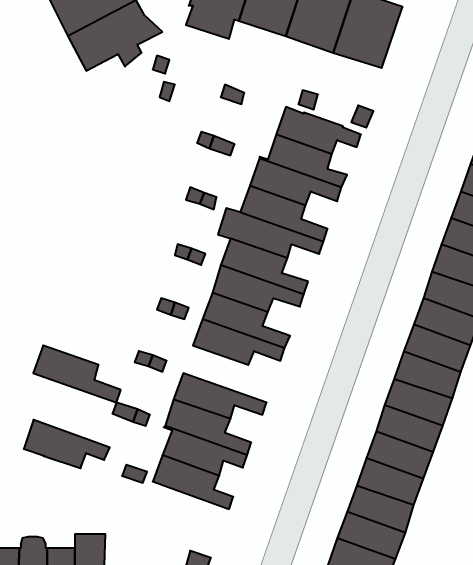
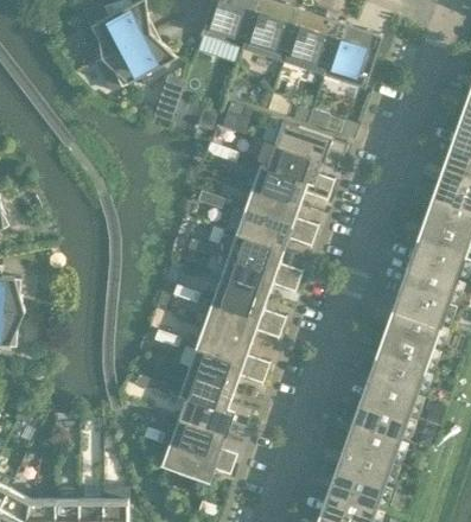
building: [33,345,121,402] -> [195,325,269,374]
building: [24,420,110,468] -> [160,441,234,483]

